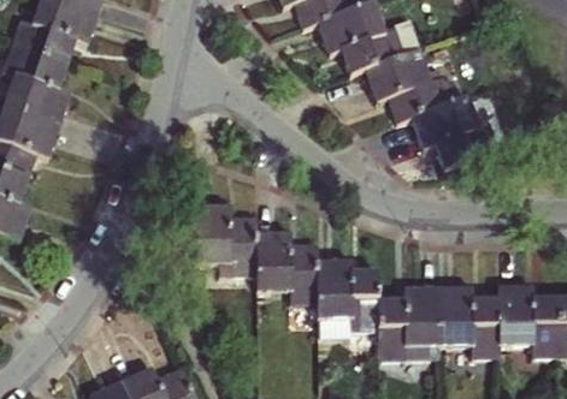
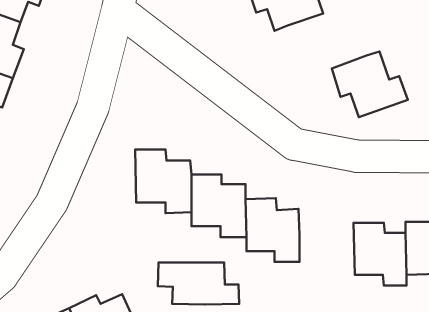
building: [364,49,451,120] -> none
building: [377,287,438,358] -> none
building: none -> [158,262,239,304]

